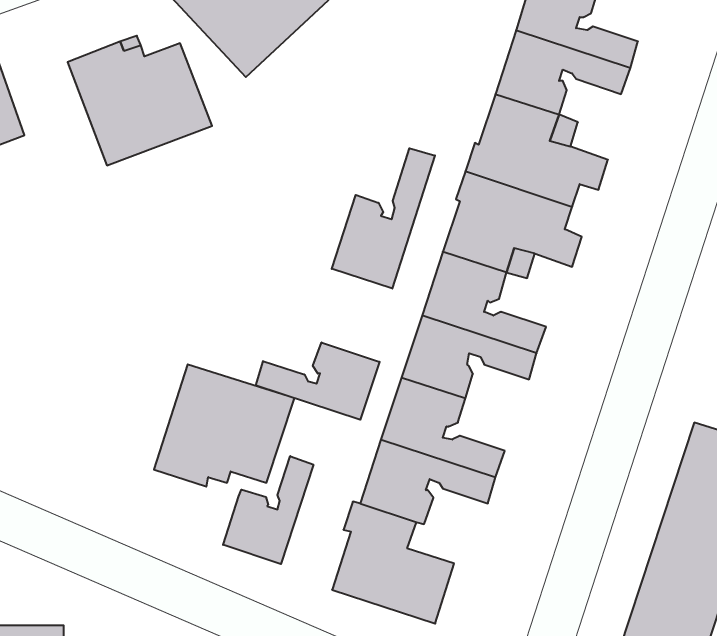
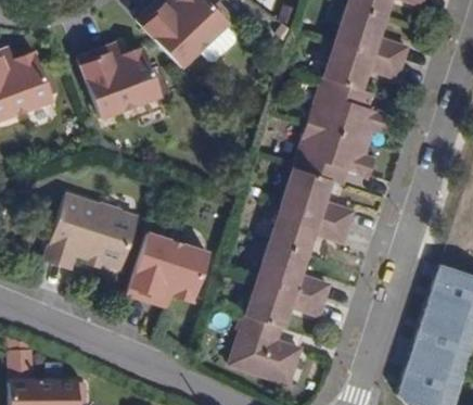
building: [332,148,435,289] -> none
building: none -> [44,194,138,269]
building: [256,342,380,420] -> none
building: [223,456,313,564] -> none

